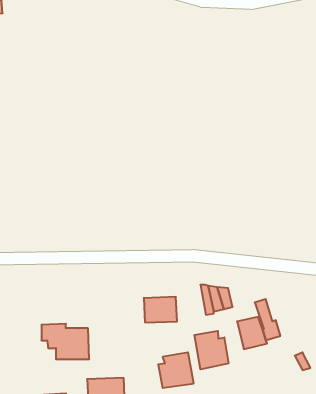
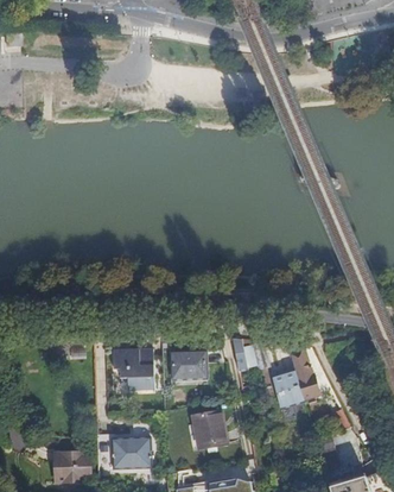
building: [41,324,89,359] -> [113,351,164,389]
building: [194,331,228,369] -> none

